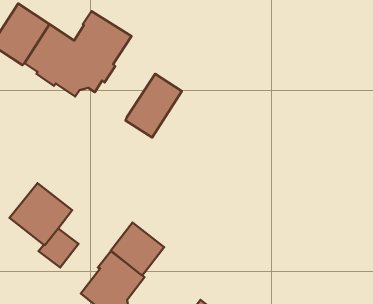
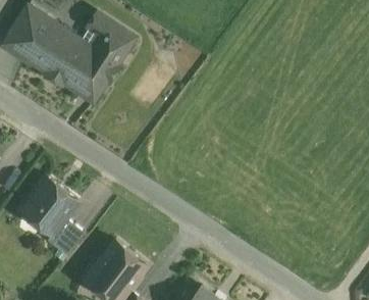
building: [126,74,182,137] -> none
building: [111,222,164,275] -> none

